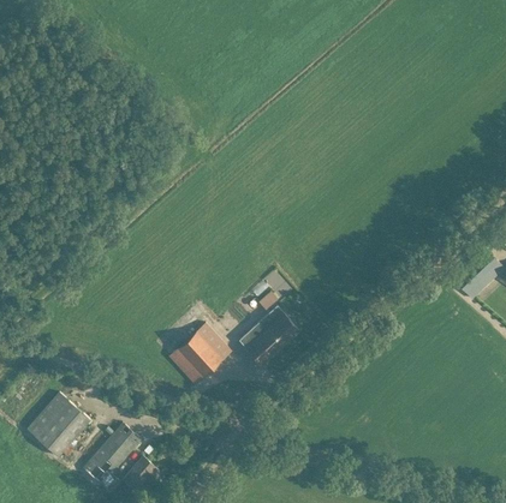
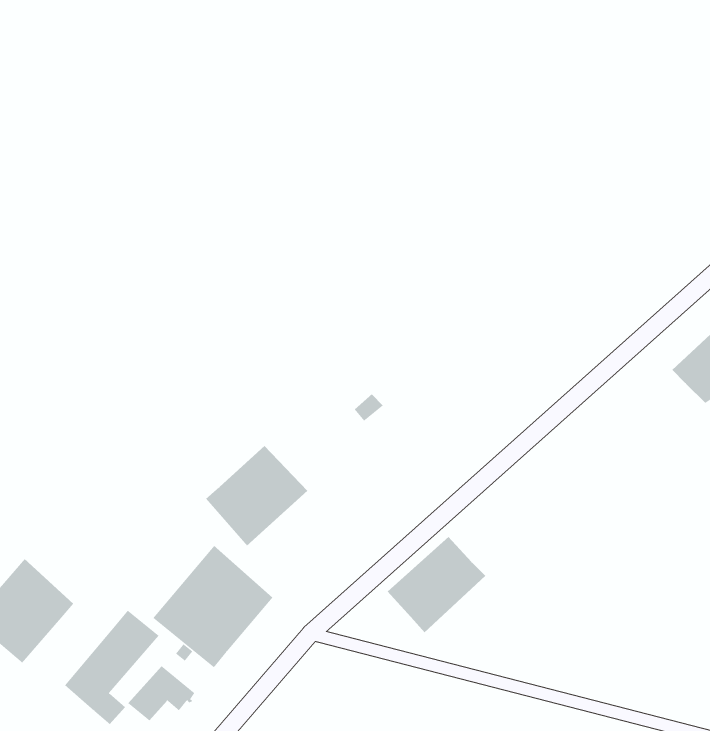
building: [238,306,298,365] -> [387,536,486,633]
building: none -> [153,545,273,668]

